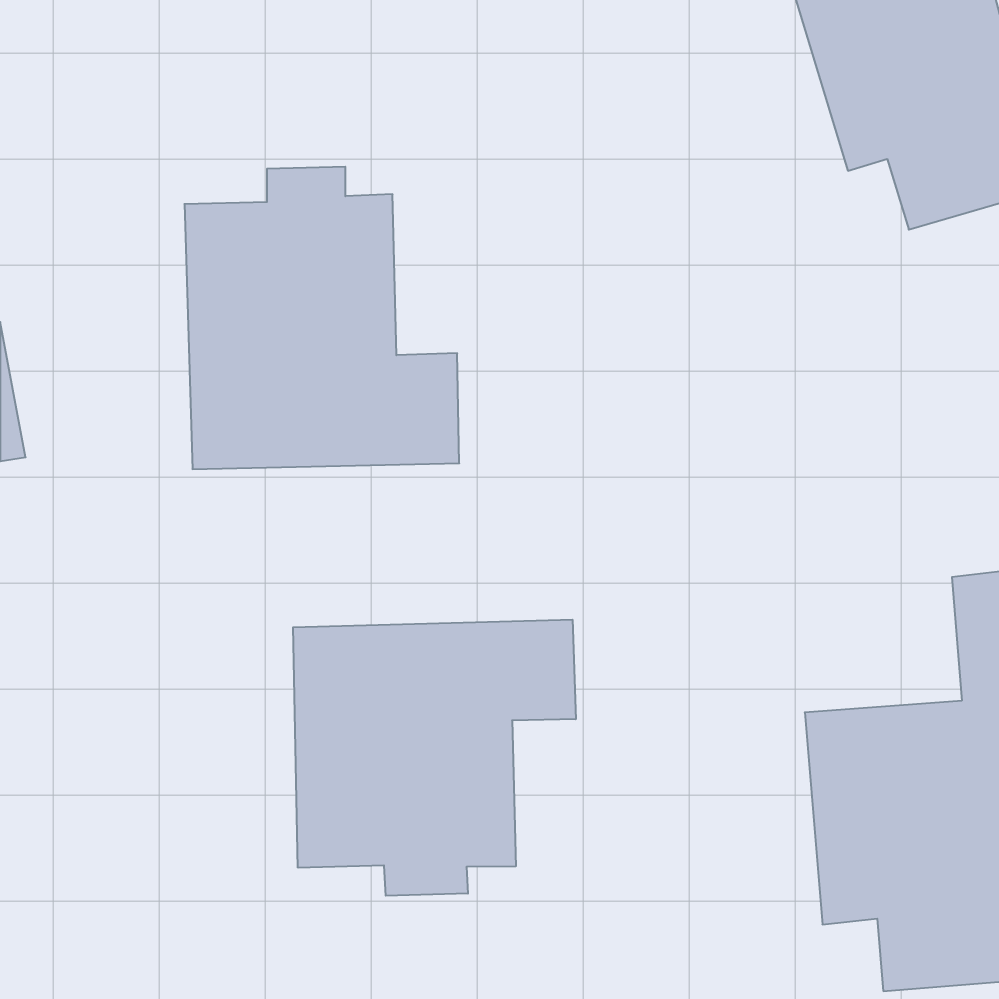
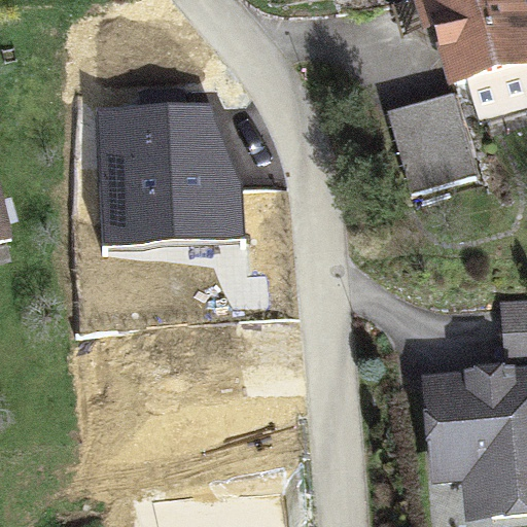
building: none -> [392,97,480,191]
building: [293,620,576,896] -> none

